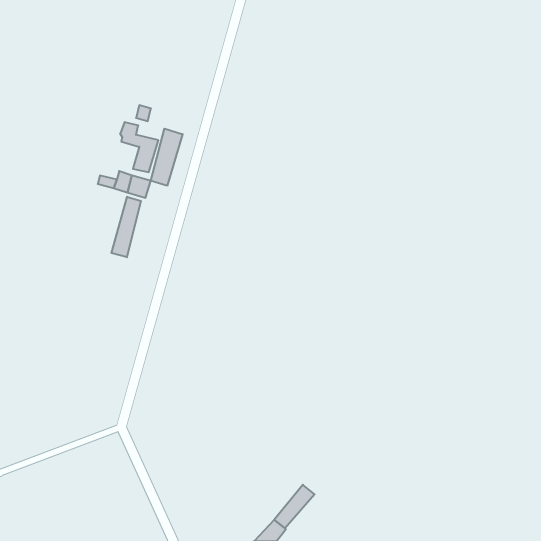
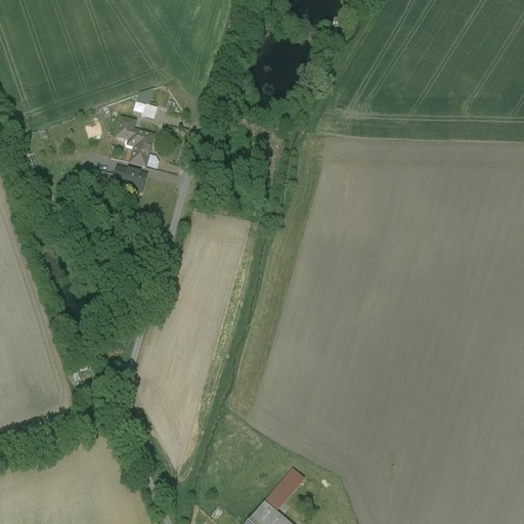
building: [151,129,183,186] -> none
building: [111,197,141,257] -> none

